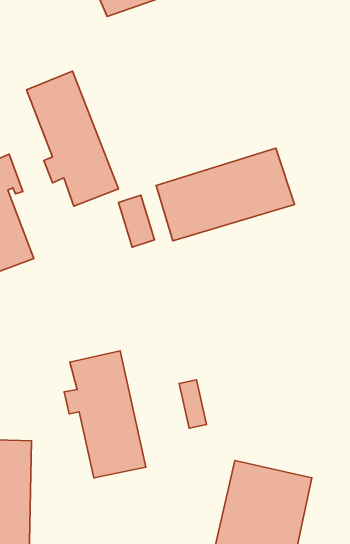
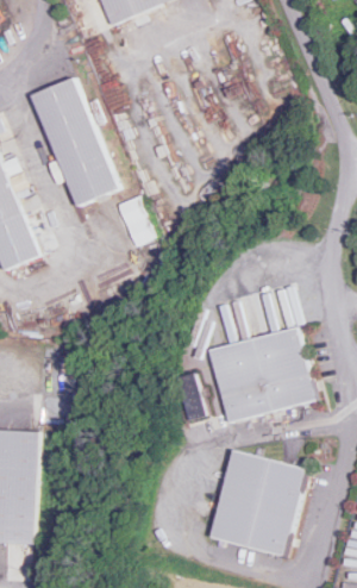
building: [156,148,294,241] -> none
building: none -> [211,327,317,421]
building: [64,351,146,478] -> none

